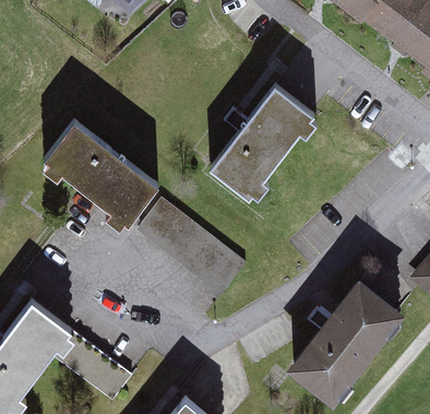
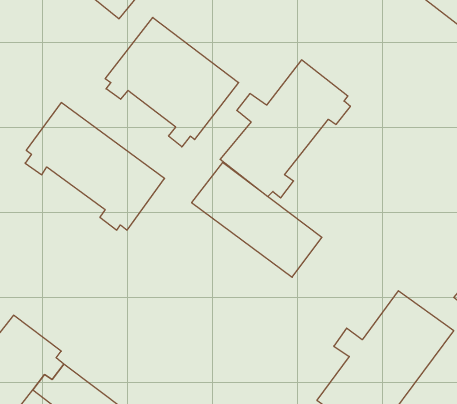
building: none -> [105,17,239,147]
building: [133,203,243,300] -> [192,163,322,277]

